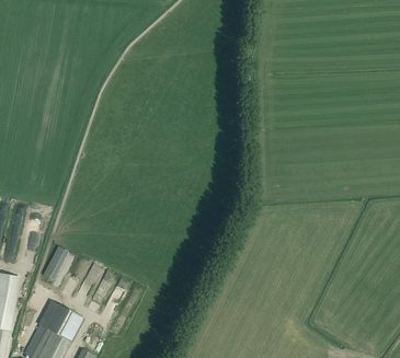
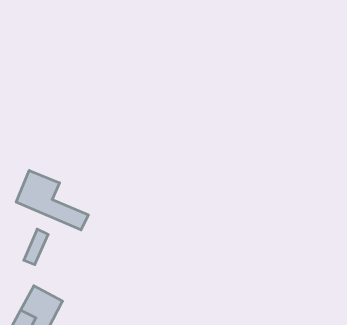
building: none -> [16,170,88,230]

